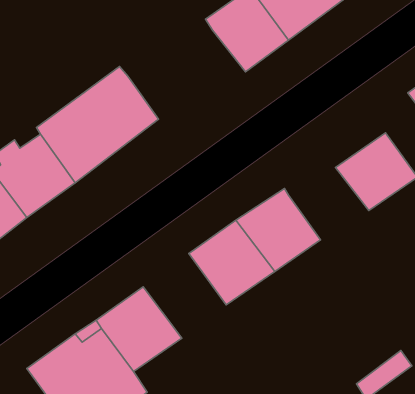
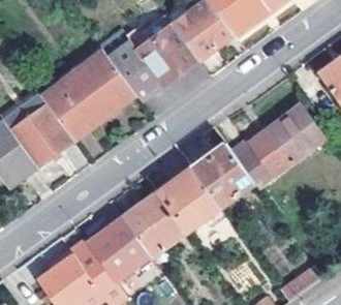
building: none -> [110,28,197,102]
building: none -> [229,130,289,187]
building: none -> [121,194,185,258]

